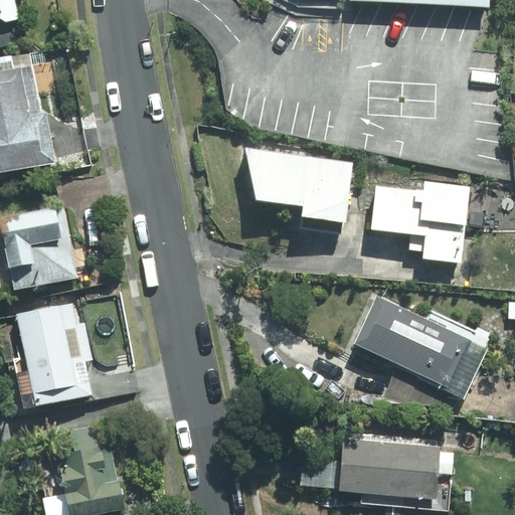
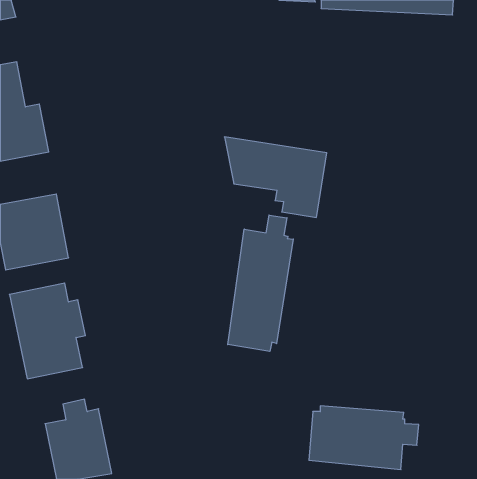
building: [372,186,469,256] -> none
building: none -> [228,215,293,351]
building: [353,293,470,384] -> none

